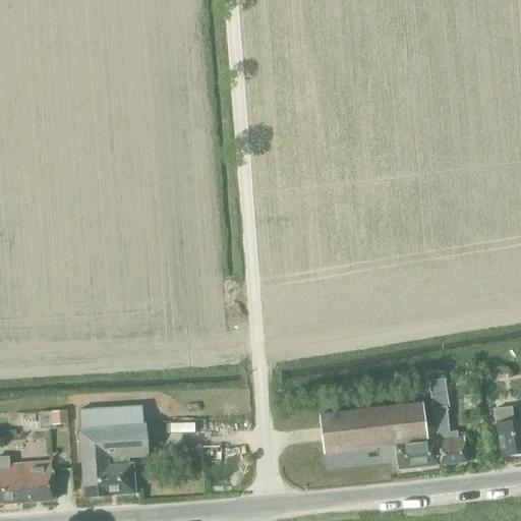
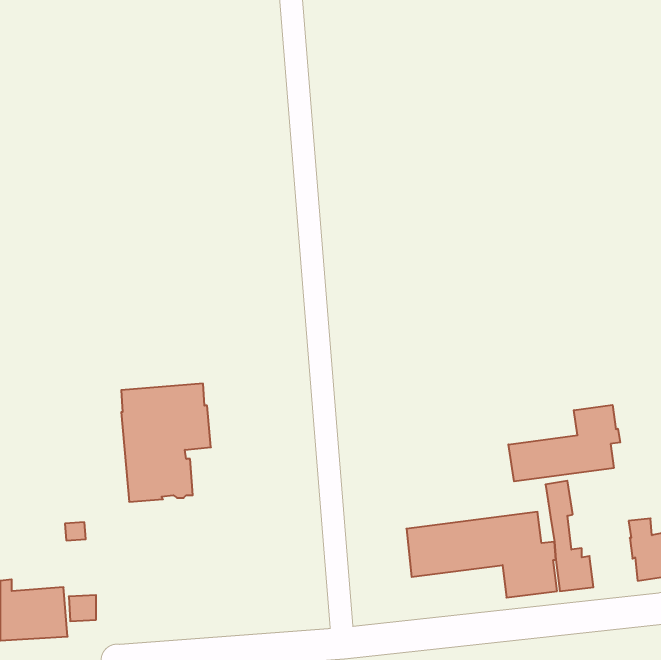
building: none -> [508,405,620,481]
building: [79,404,150,497] -> [121,384,211,502]

